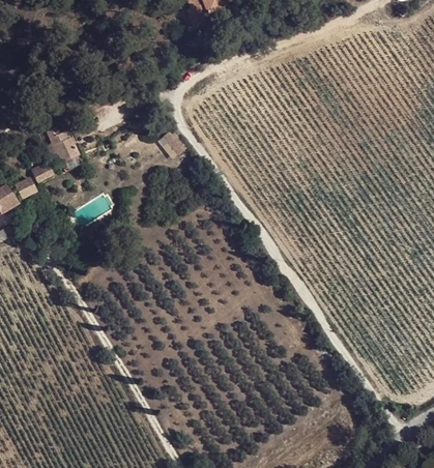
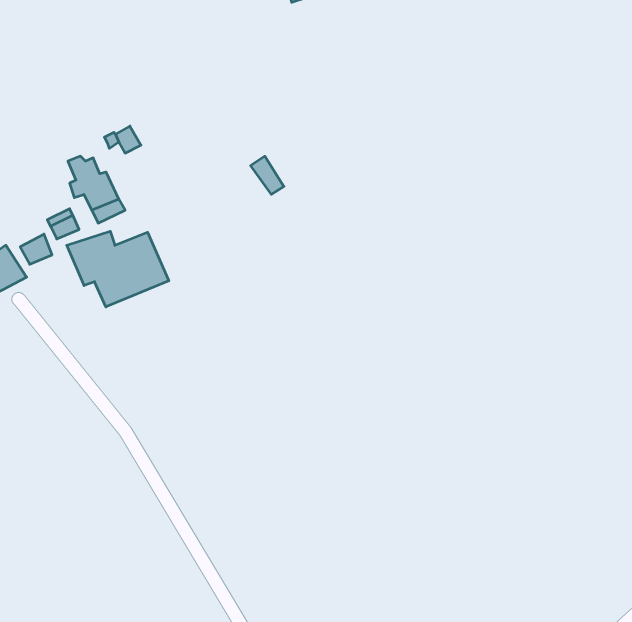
building: none -> [67,231,169,307]

